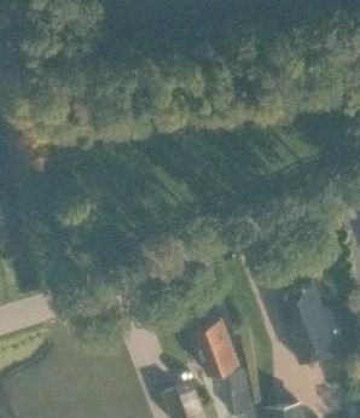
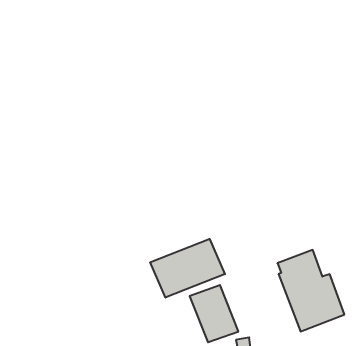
building: none -> [150,239,225,298]

